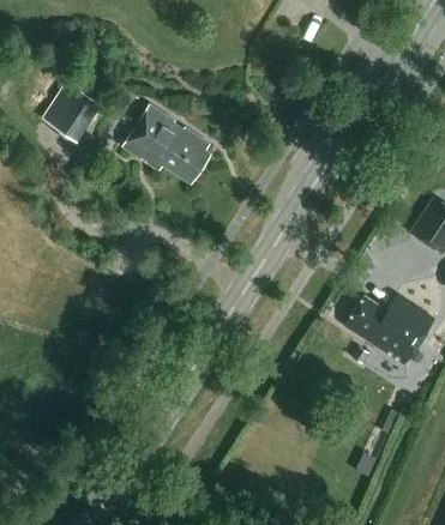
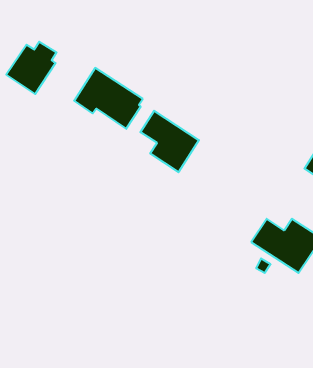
building: none -> [140,111,199,172]

